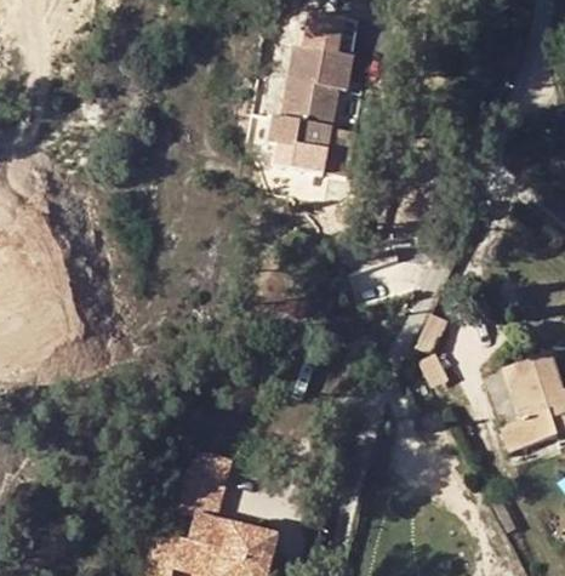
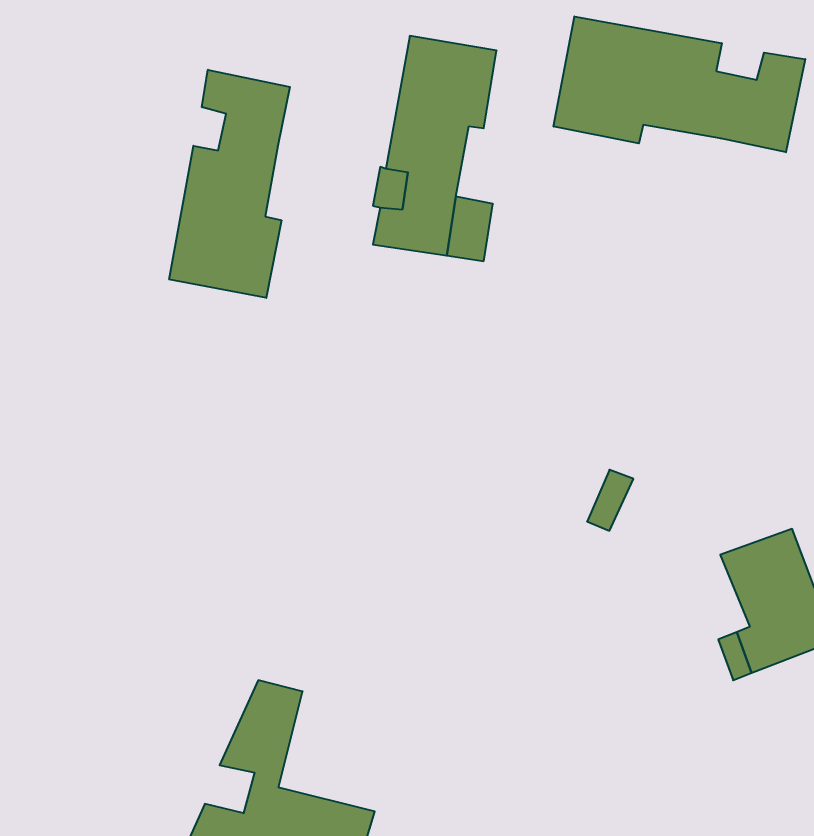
building: none -> [554,16,805,152]
building: none -> [169,70,290,298]

